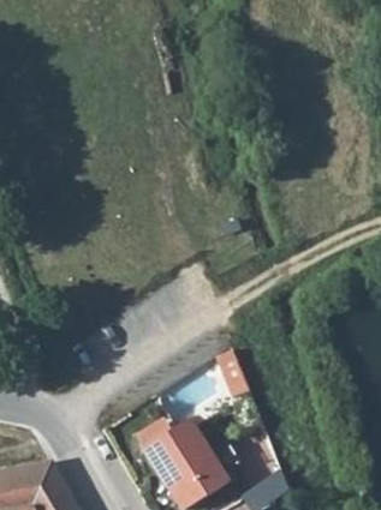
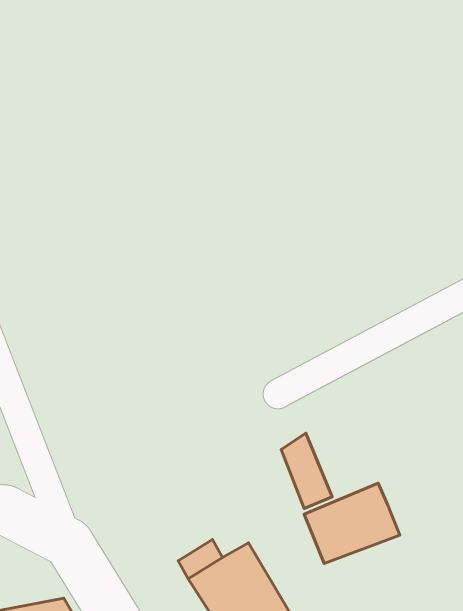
building: none -> [304,483,400,563]

